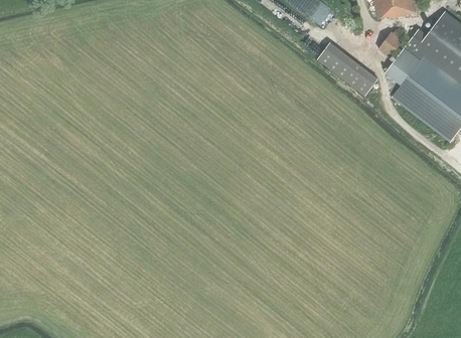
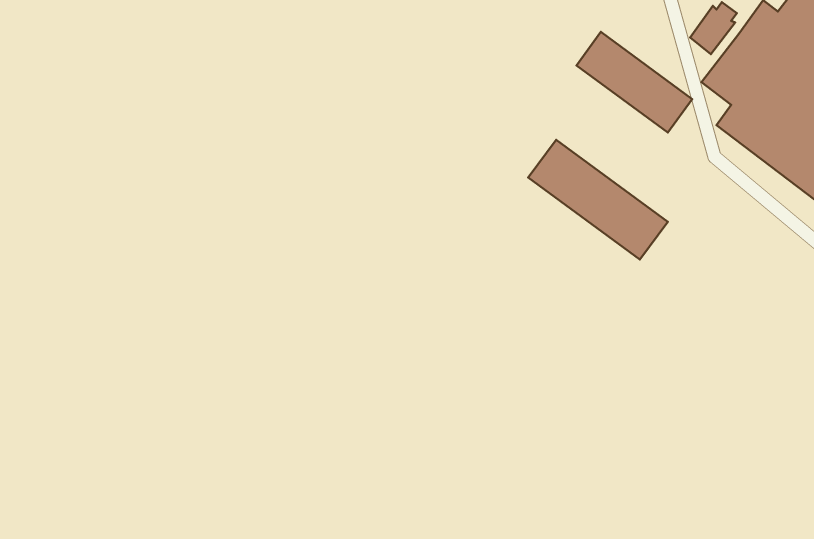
building: none -> [528,140,668,260]

